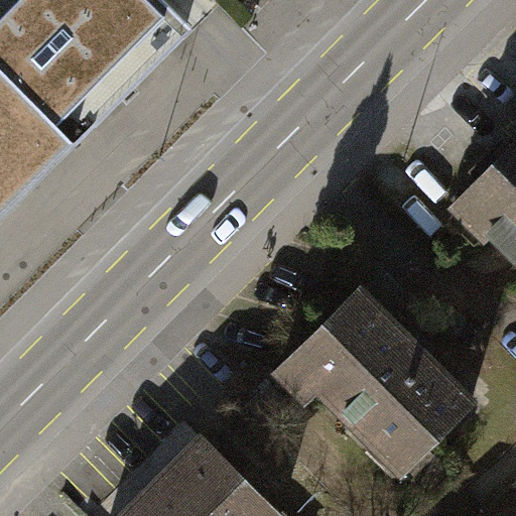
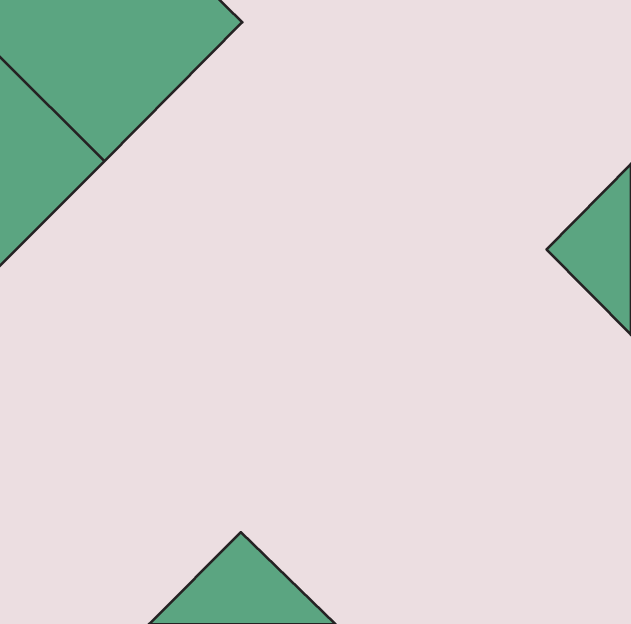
building: [276,288,468,479] -> none

